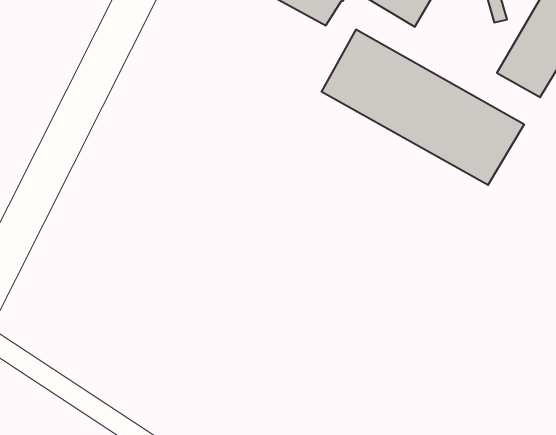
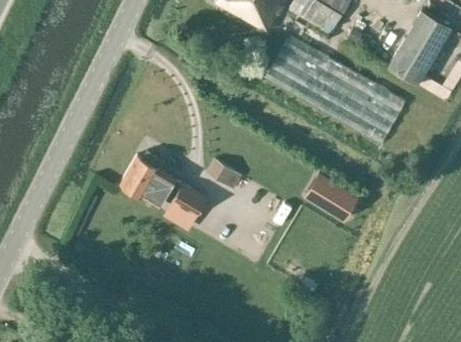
building: none -> [120,154,207,218]
building: none -> [207,159,241,189]
building: none -> [303,173,358,221]

